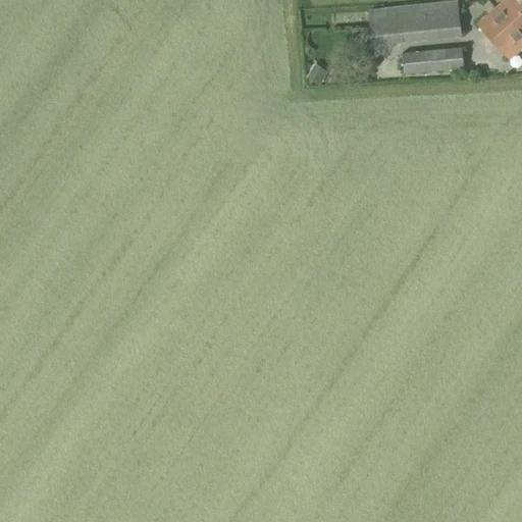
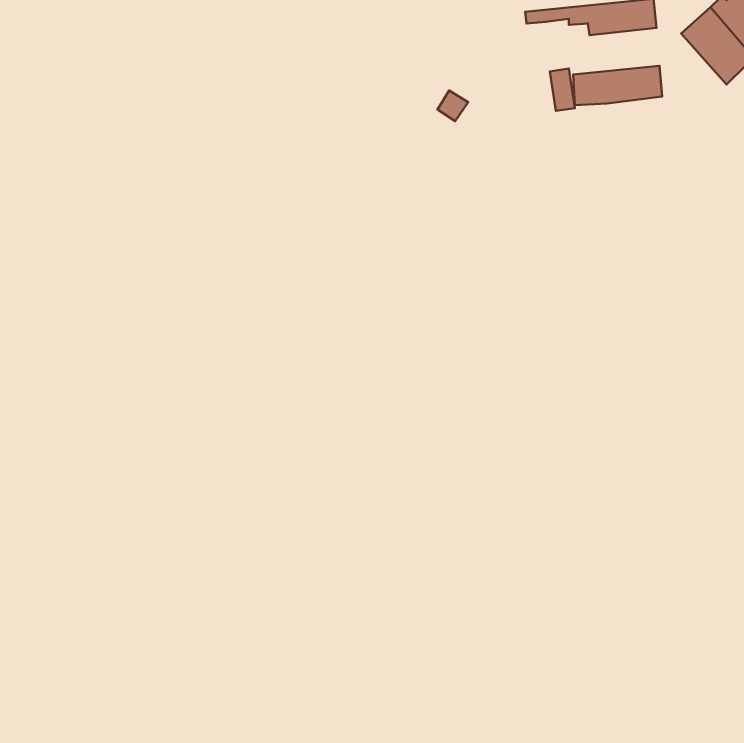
building: [369,13,461,44] -> none

